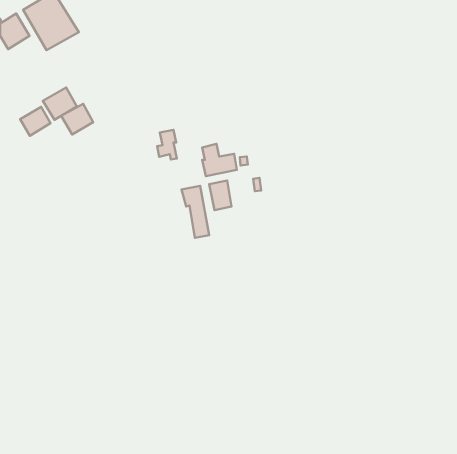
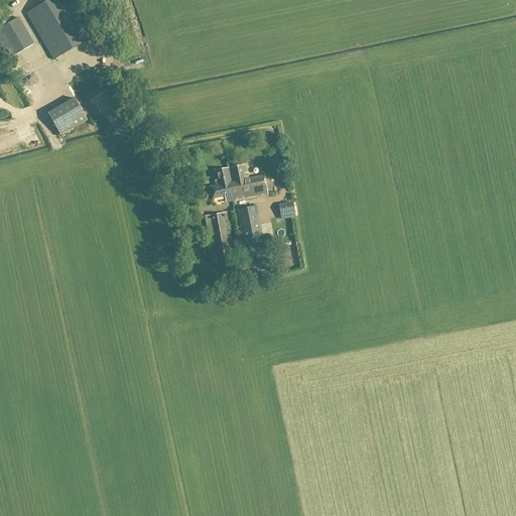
building: [61,104,93,134] -> none
building: [20,107,50,136] -> none
building: [157,130,177,159] -> [210,166,232,200]

